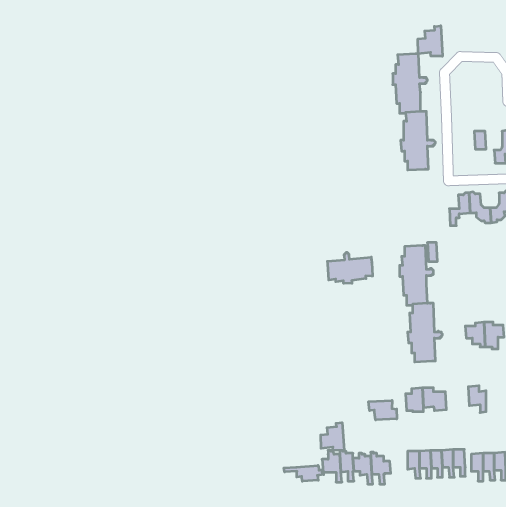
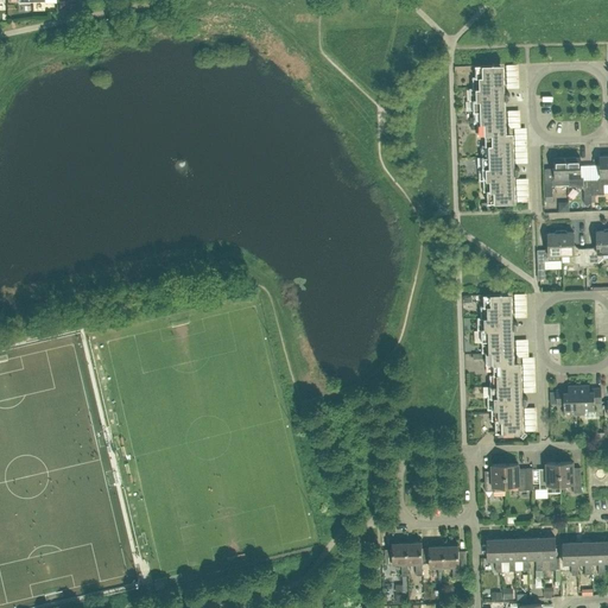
building: [418,26,442,56] -> none
building: none -> [547,158,570,197]
building: [327,252,373,283] -> none
building: none -> [542,463,563,494]
building: [369,400,397,420] -> none
building: [321,423,344,450] -> none
building: [284,465,324,481] -> none

